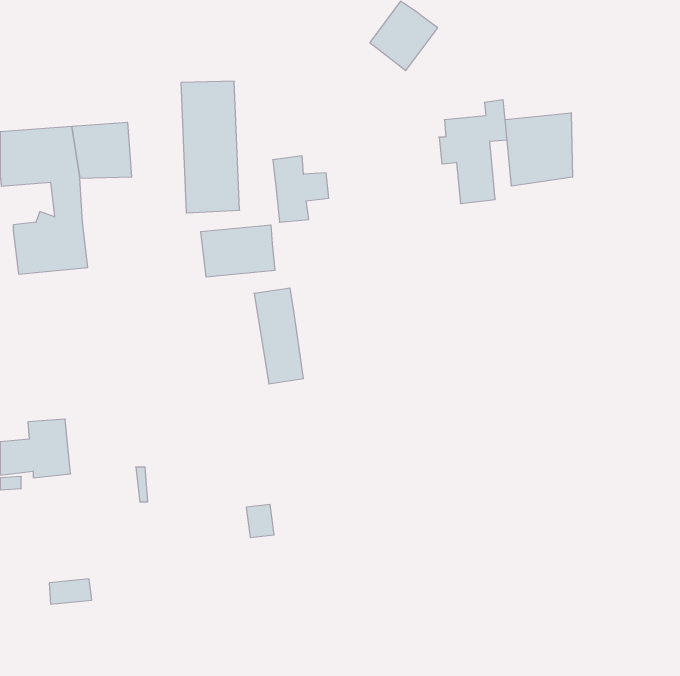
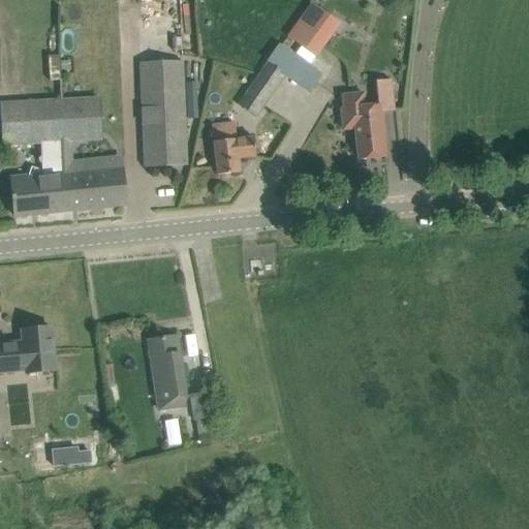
building: none -> [239,42,320,114]
building: [505,113,573,186] -> none
building: [201,225,275,277] -> [64,167,122,208]
building: [254,288,303,384] -> [148,334,186,408]

